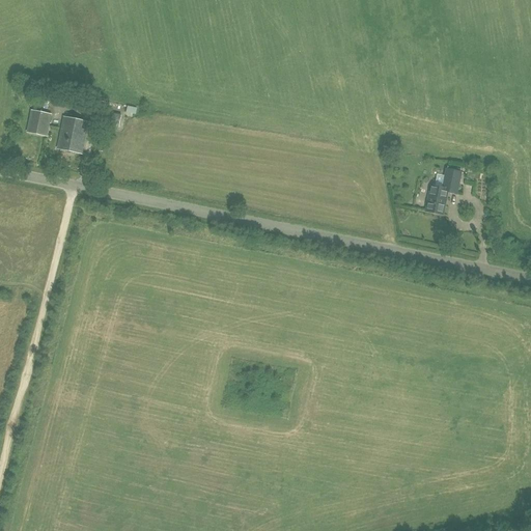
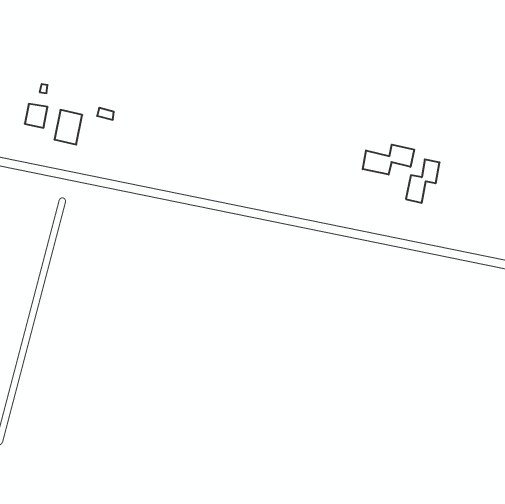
building: none -> [363,145,414,175]

